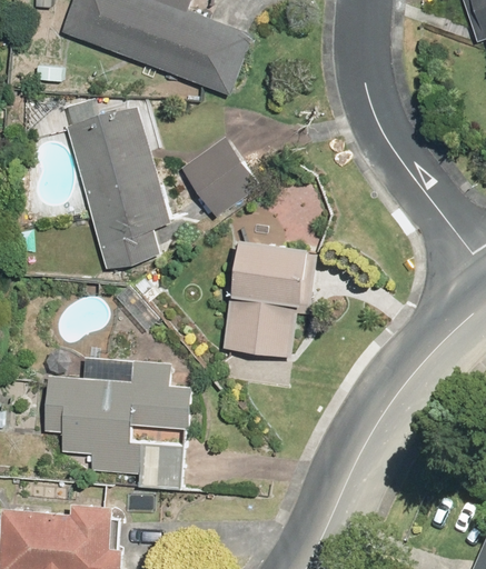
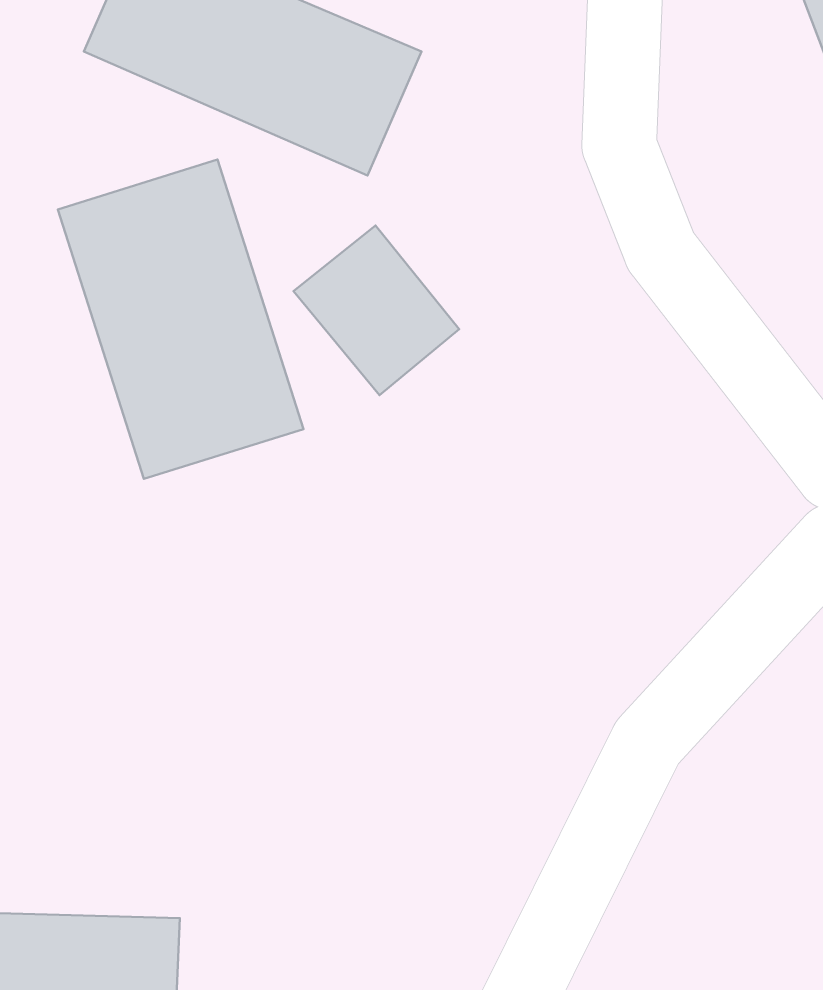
building: [226,242,311,361] -> none
building: [41,367,189,462] -> none

